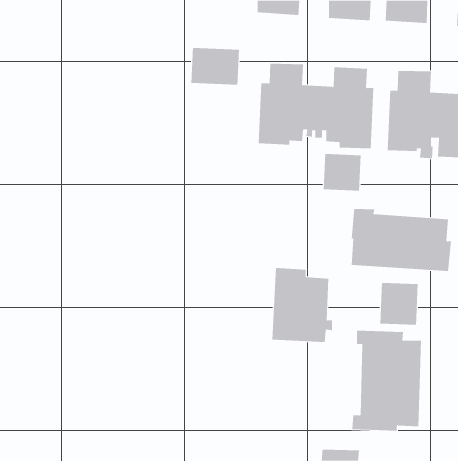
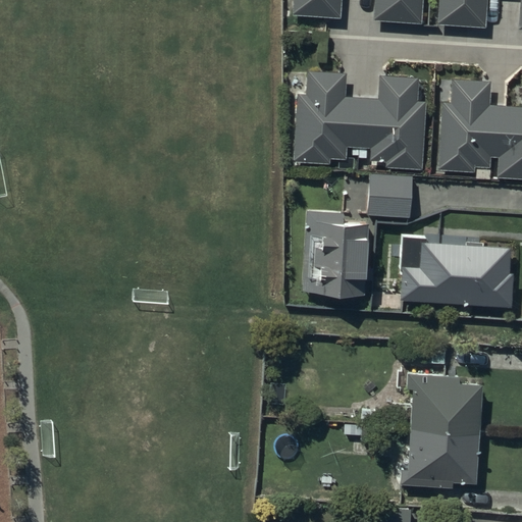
building: [191,47,239,86] -> none
building: [271,268,333,343] -> [304,210,373,295]
building: [380,282,418,326] -> none

